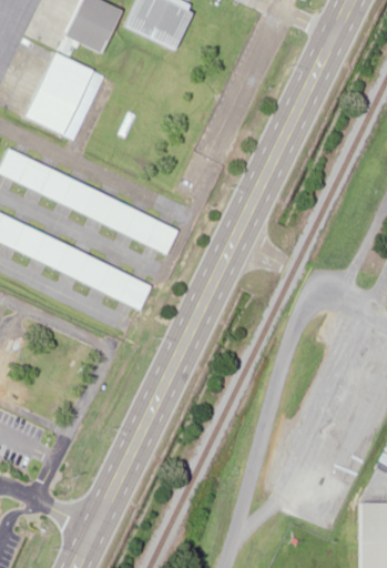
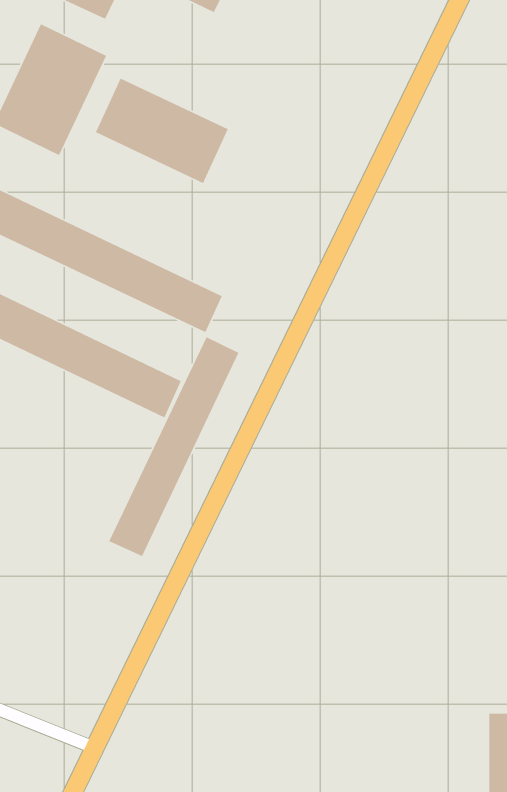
building: none -> [95,77,229,184]
building: none -> [108,336,239,557]

